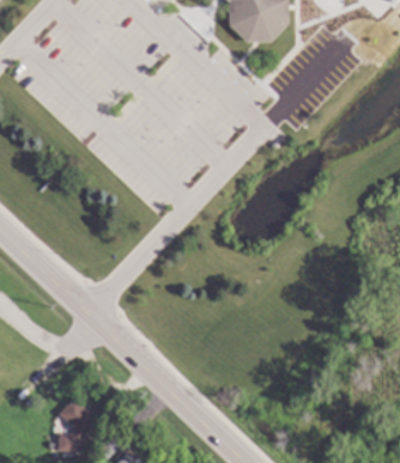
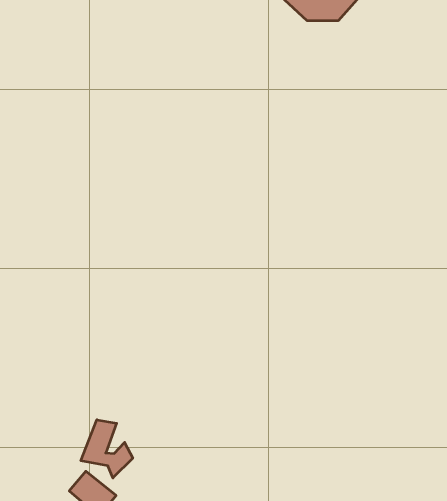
building: none -> [81,420,133,478]

